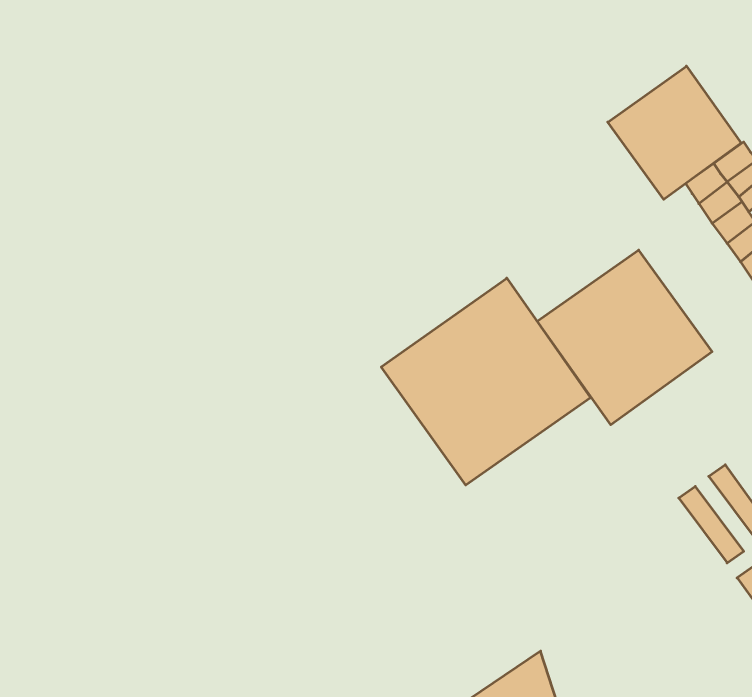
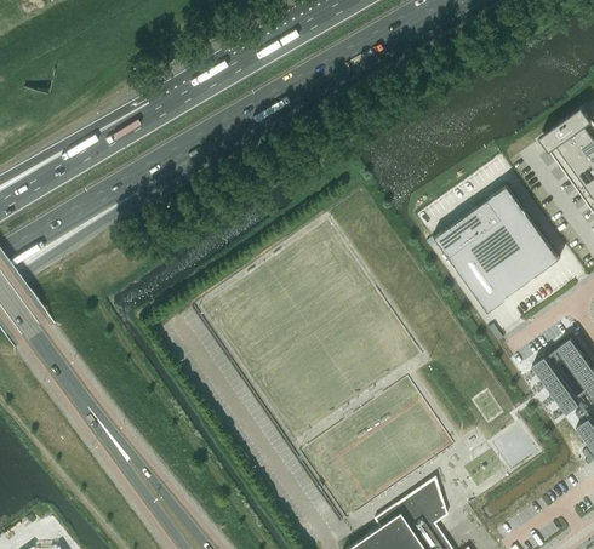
building: [608,66,741,199] -> none
building: [381,278,591,485] -> none

